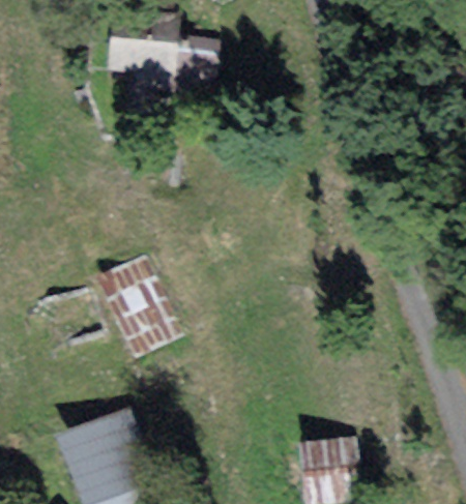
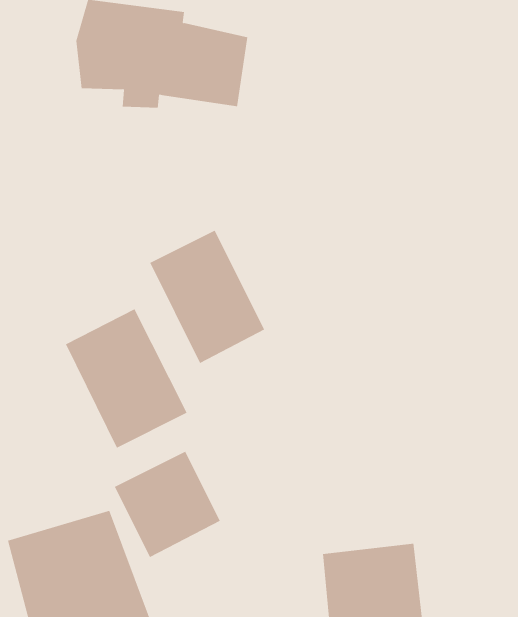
building: none -> [149,230,265,364]
building: none -> [114,451,221,558]

